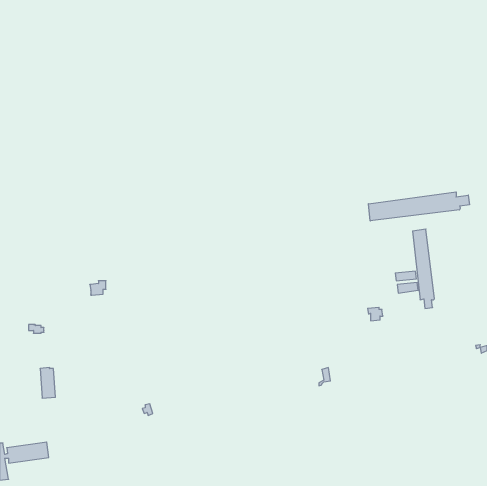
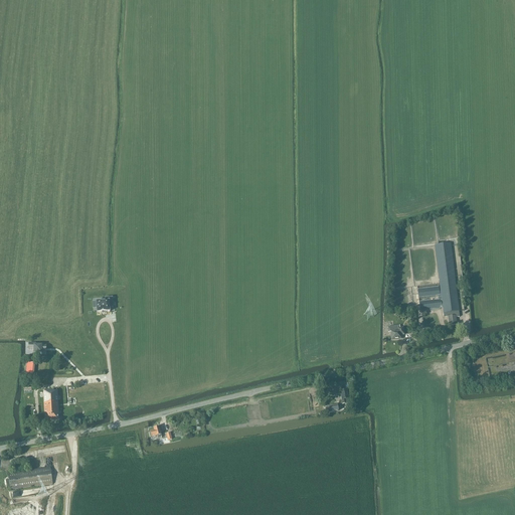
building: [368,192,469,221] -> none

